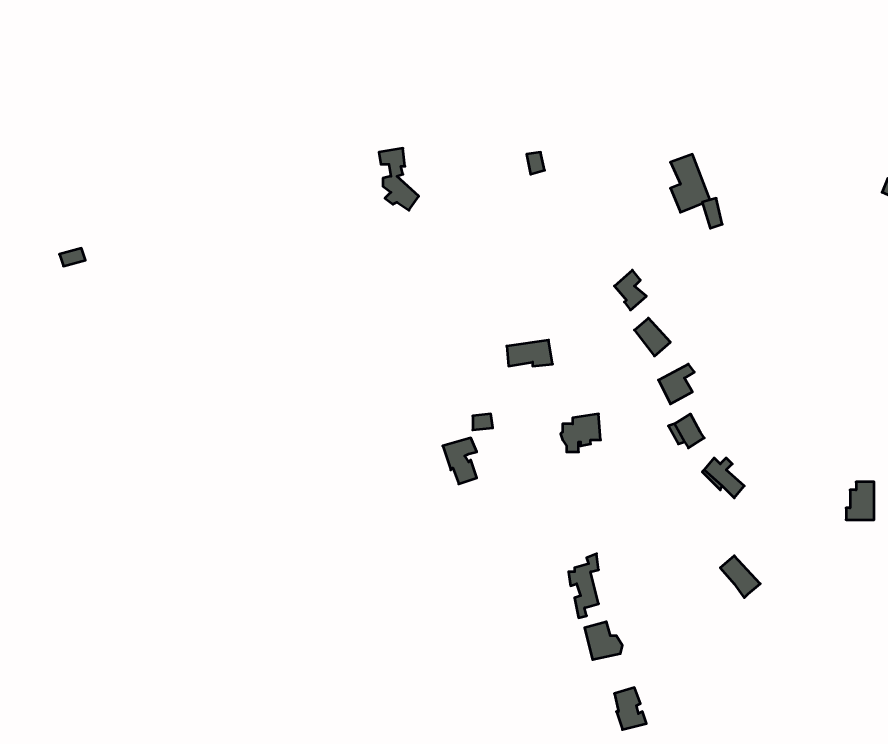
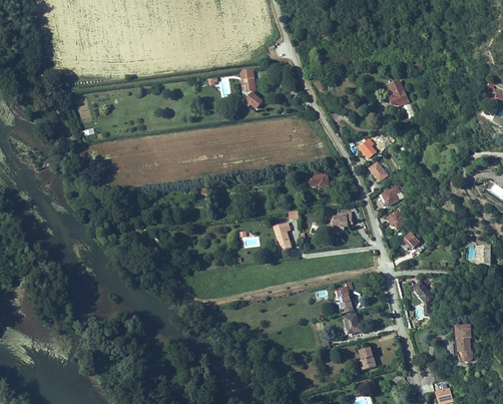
building: none -> [455,324,472,360]

